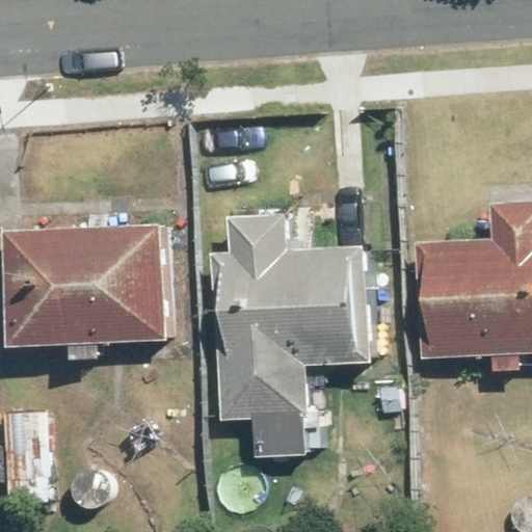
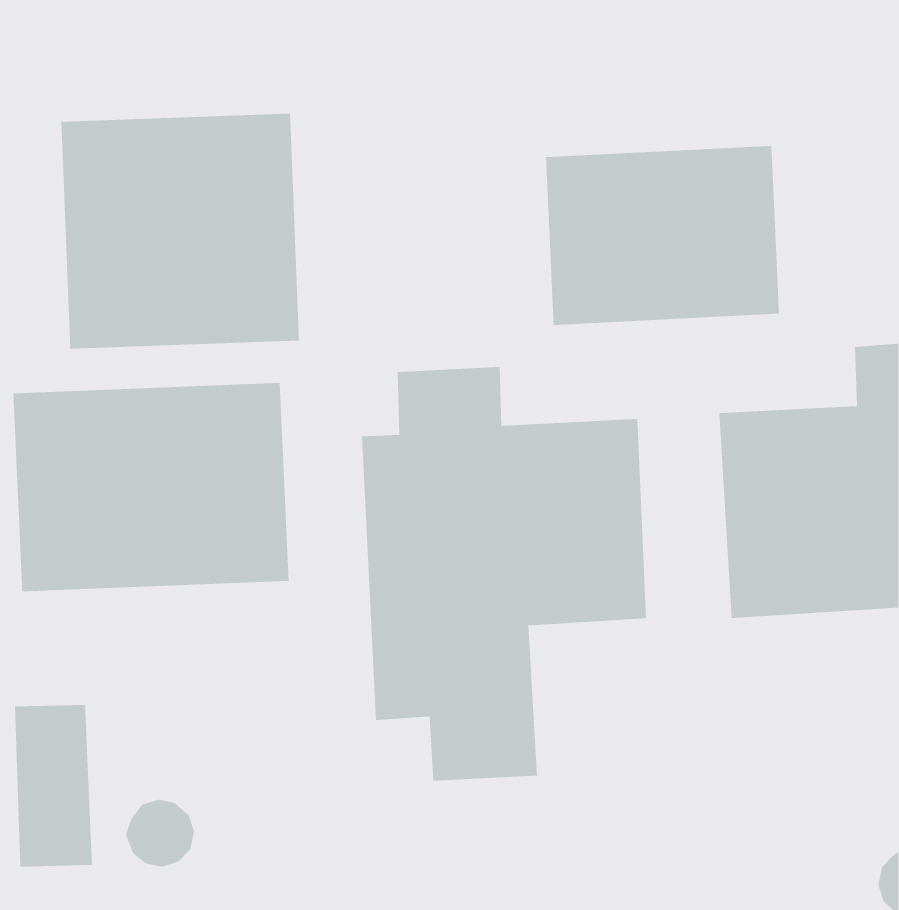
building: none -> [61,113,300,350]
building: none -> [546,145,779,326]

